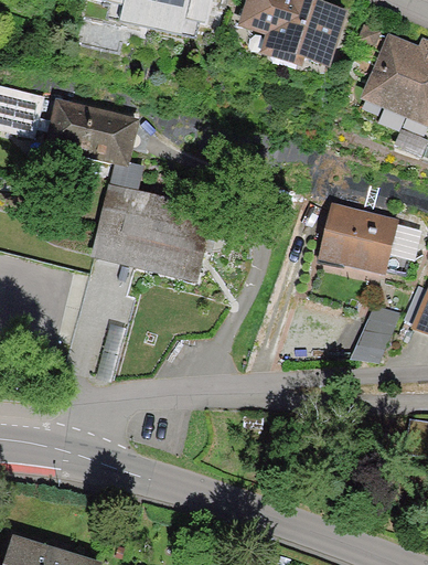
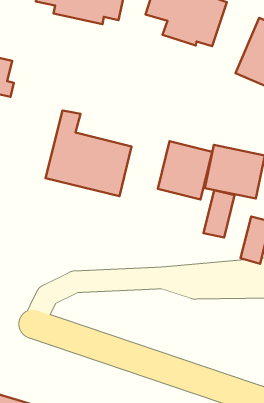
building: [47,99,136,159] -> none
building: none -> [158,141,212,199]
building: none -> [203,190,234,238]

